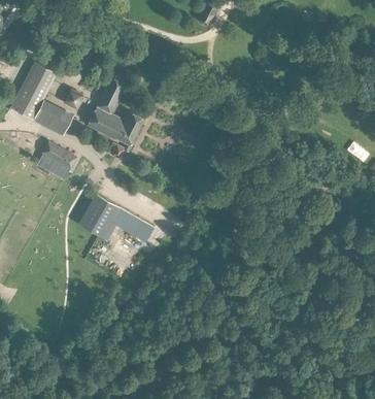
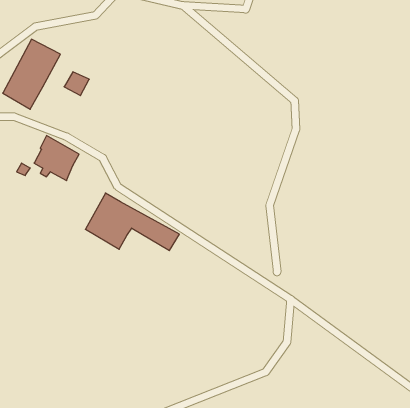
building: [88,78,141,159] -> none
building: [34,101,74,136] -> none

